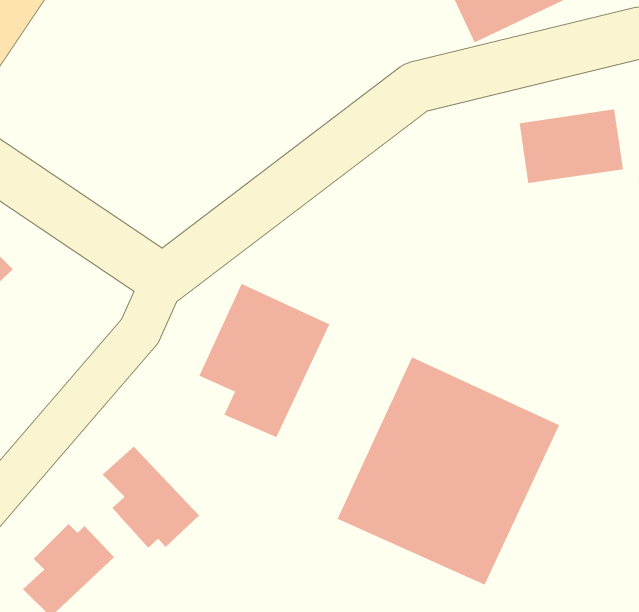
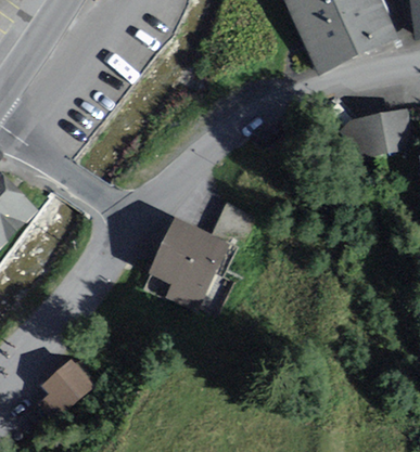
building: [337,356,560,585] -> none
building: [102,446,200,549] -> none

